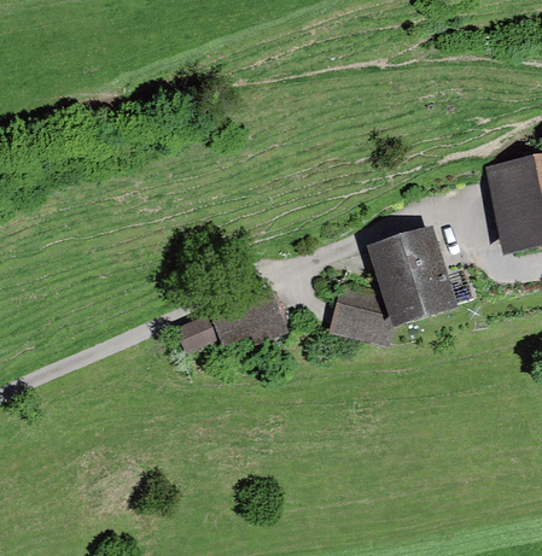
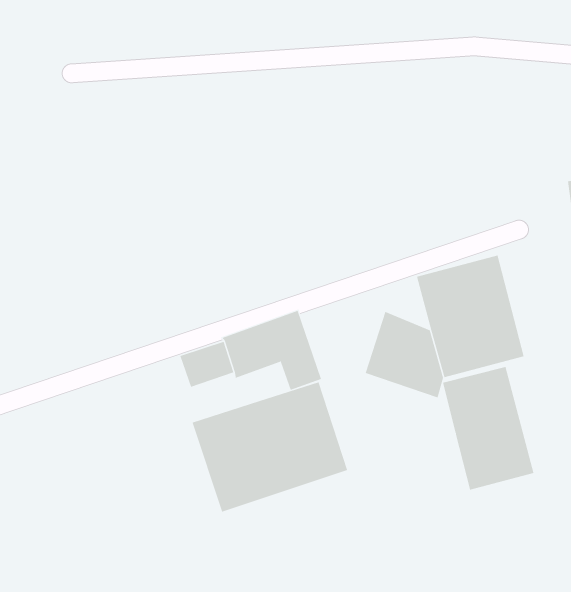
building: none -> [443,366,534,490]
building: none -> [192,381,348,513]

